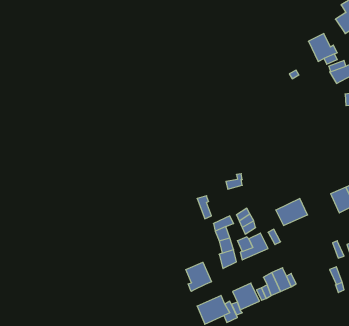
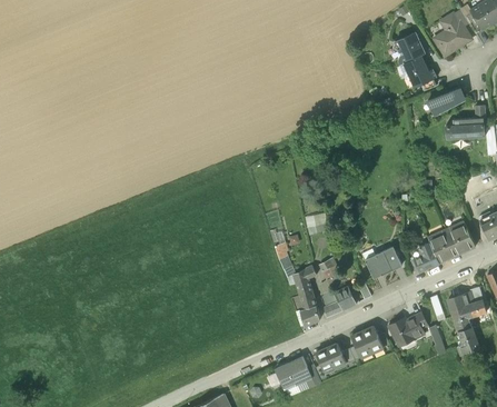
building: none -> [392,32,425,64]
building: none -> [411,242,439,271]
building: none -> [388,312,428,348]
building: [186,262,212,291] -> none

